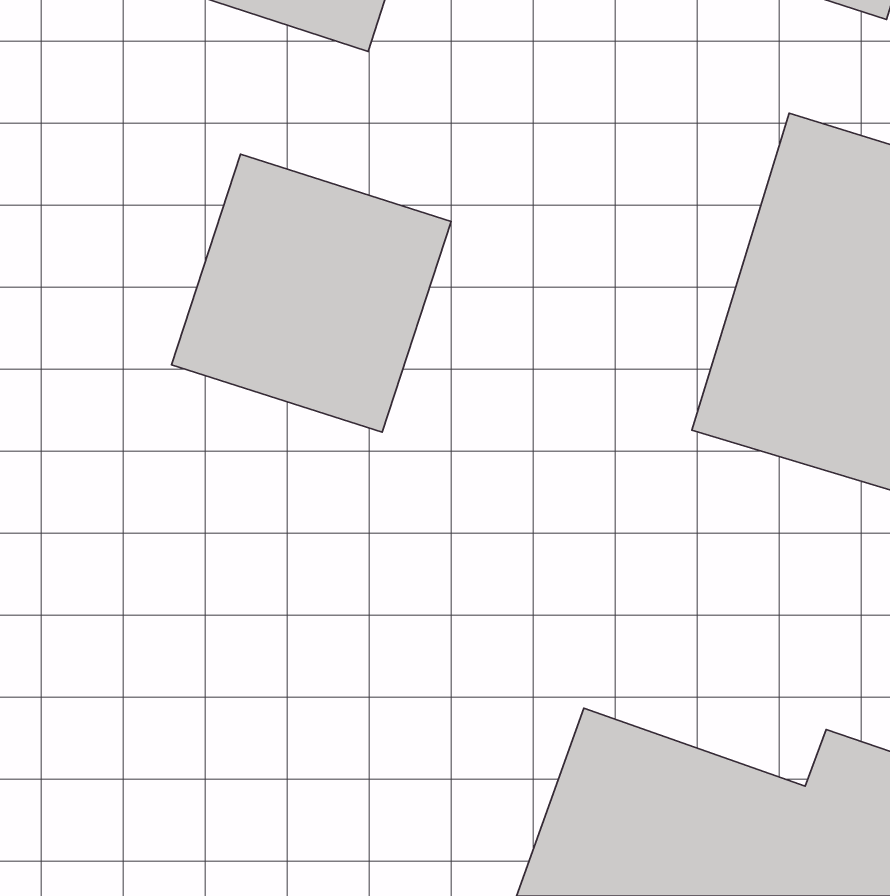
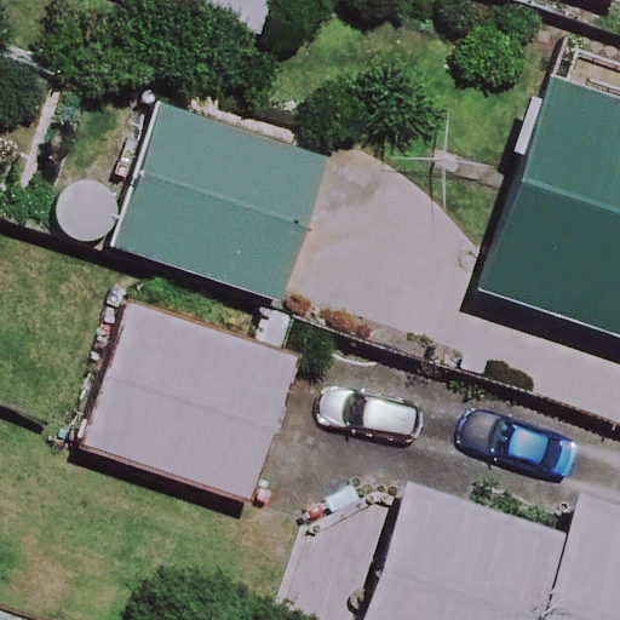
building: none -> [82,305,299,499]

